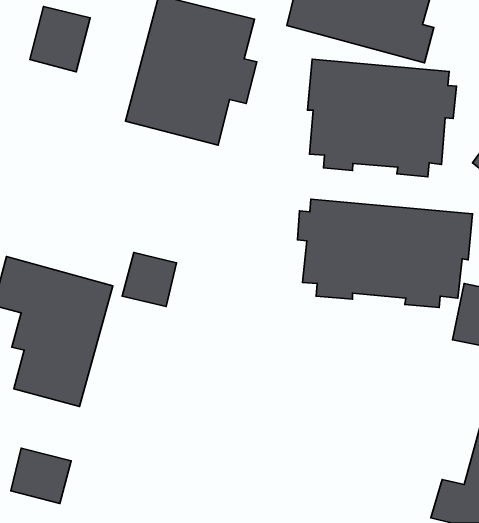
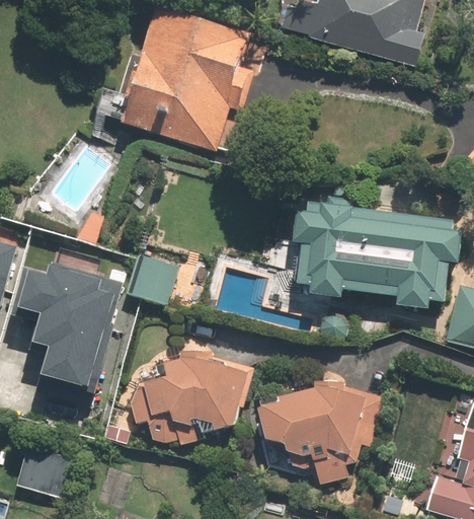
building: [30,7,90,72] -> none
building: [308,59,457,177] -> none
building: none -> [123,346,251,440]
building: none -> [258,378,383,483]

